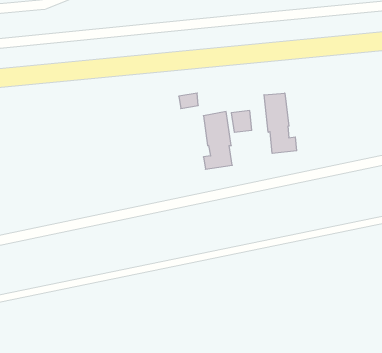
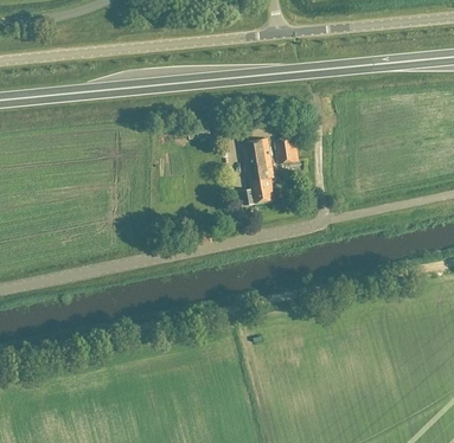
building: [264,93,297,153] -> none

